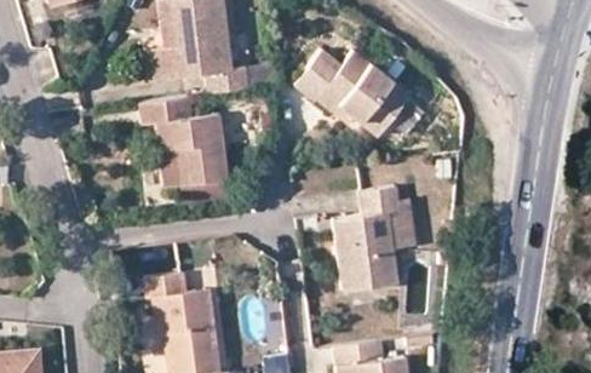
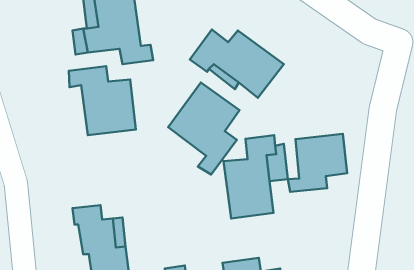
building: none -> [168,83,239,175]
building: none -> [288,134,347,192]

